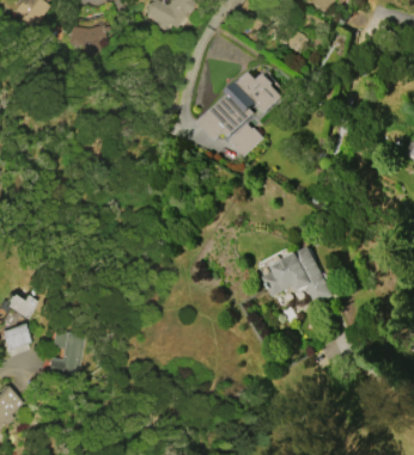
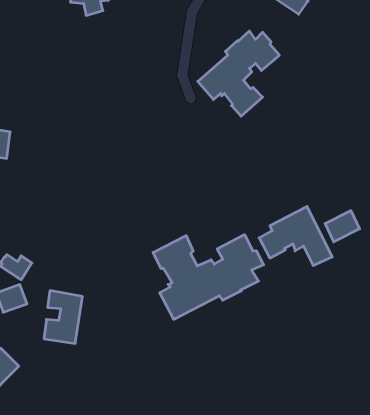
building: none -> [325,211,360,242]
building: none -> [153,235,264,319]

